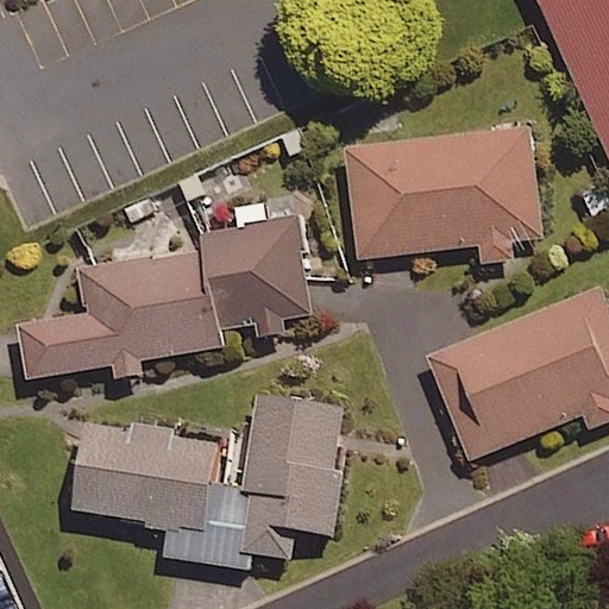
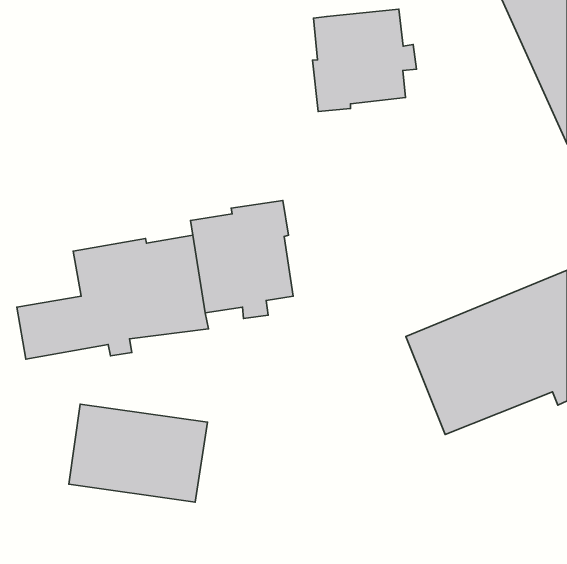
building: none -> [312,9,416,112]
building: [345,126,541,262] -> none
building: [243,394,345,558] -> none

